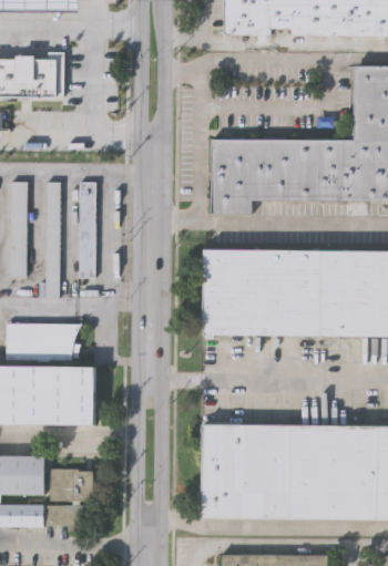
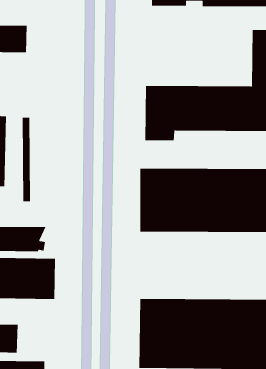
building: [76,182,95,276] -> none
building: [49,469,93,501] -> none

